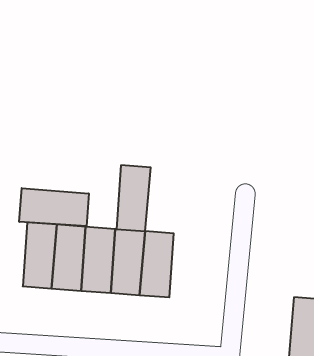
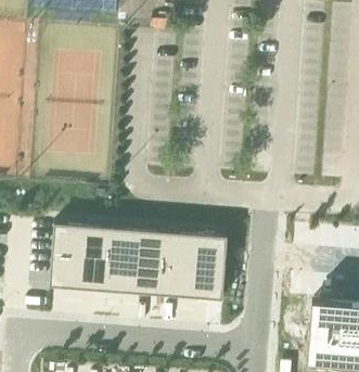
building: [117,165,151,231] -> [192,231,226,296]
building: [19,188,89,226] -> none

